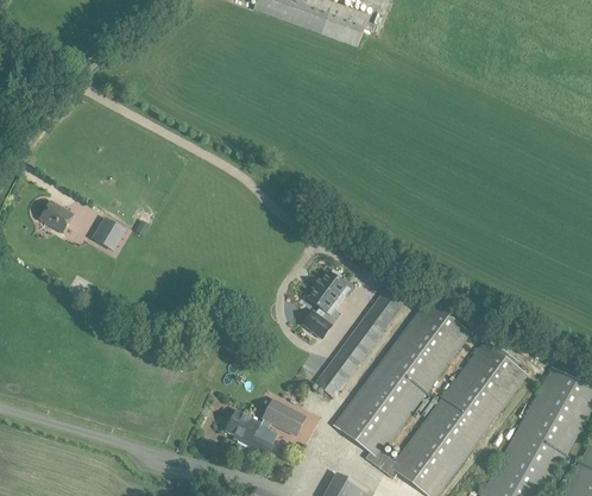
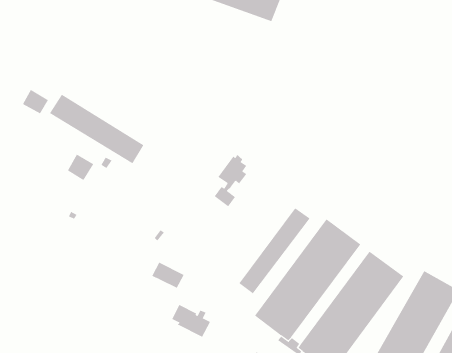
building: none -> [49,94,144,164]
building: [38,200,73,232] -> [22,89,49,114]
building: [302,269,345,338] -> [214,154,247,207]
building: [262,398,304,433] -> [151,262,185,289]

